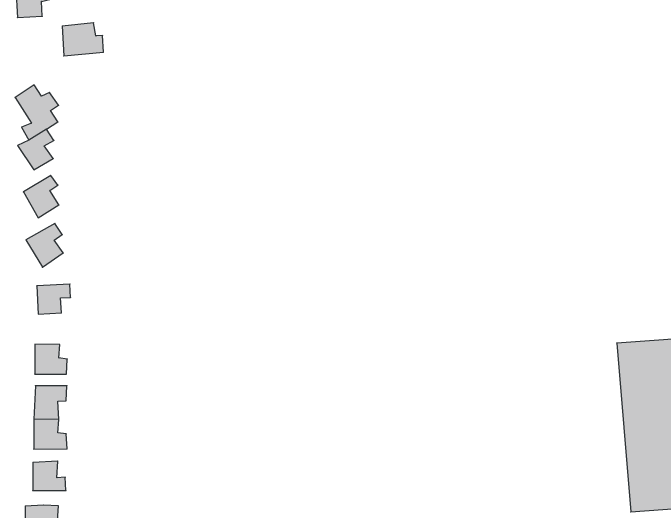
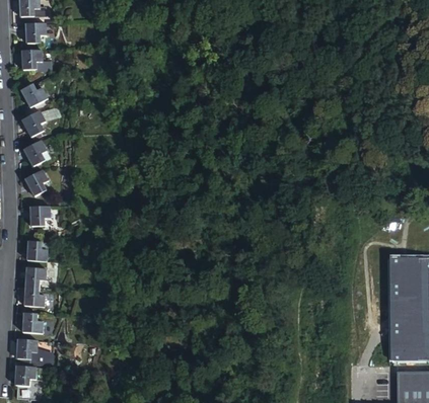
building: [62,23,103,56] -> [24,50,49,69]

